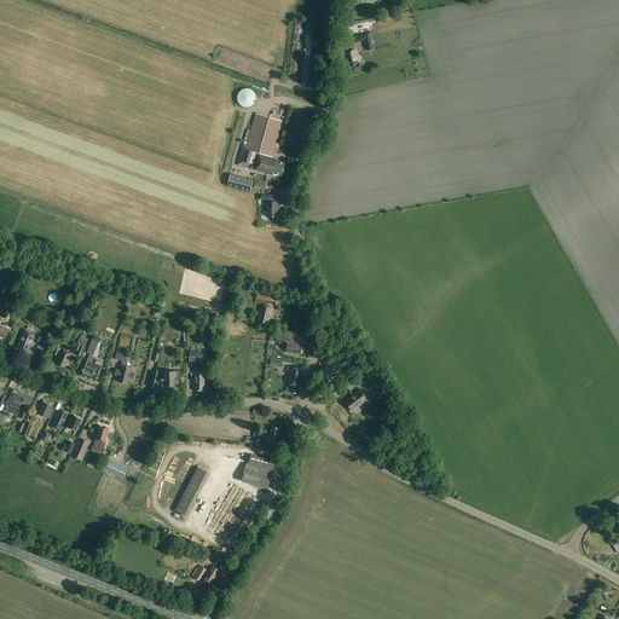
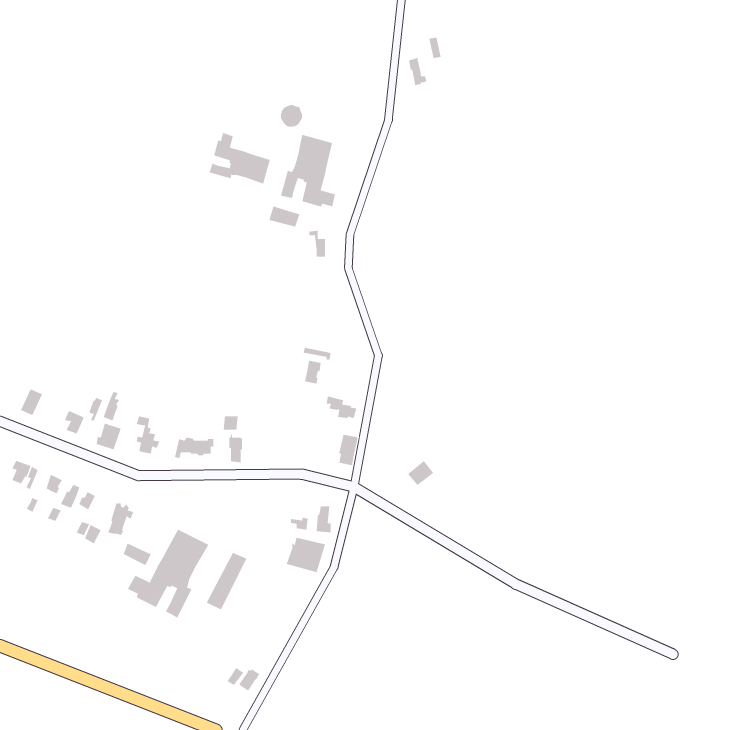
building: none -> [209,132,271,184]
building: none -> [127,529,209,619]

